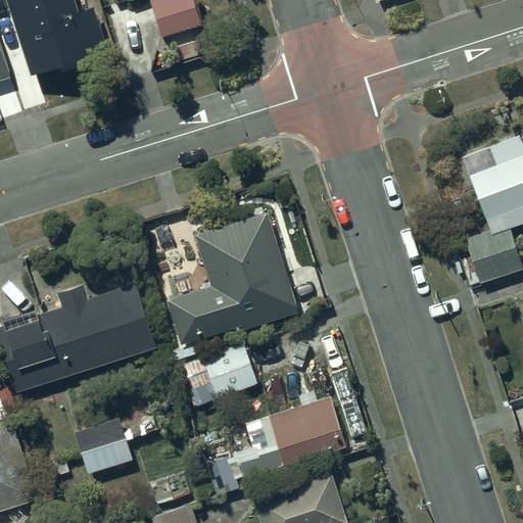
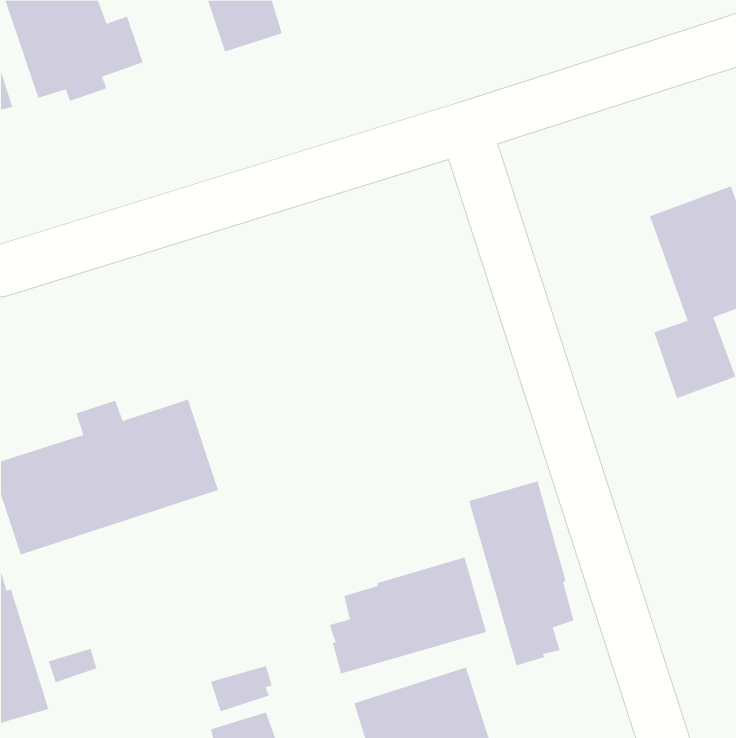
building: [165,212,298,345] -> none
building: none -> [469,481,574,666]
building: [184,343,259,399] -> none
building: [76,419,135,475] -> none

